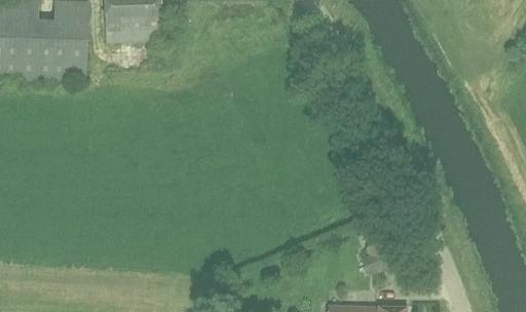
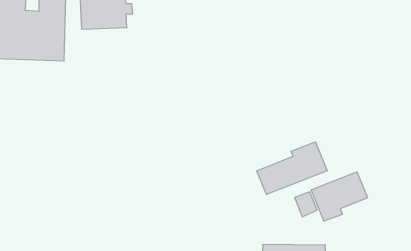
building: none -> [257,142,327,195]
building: none -> [311,172,368,221]

